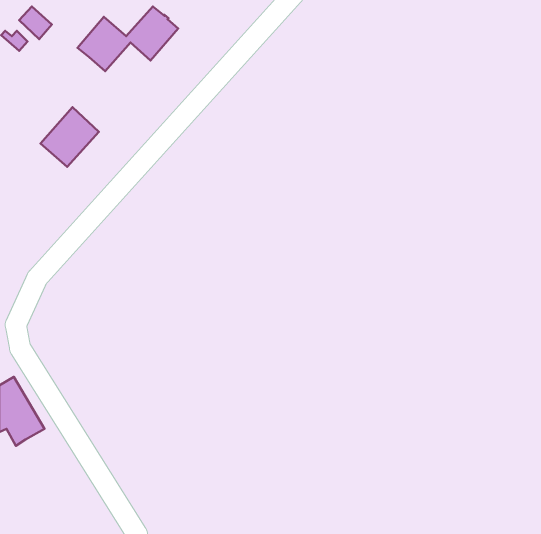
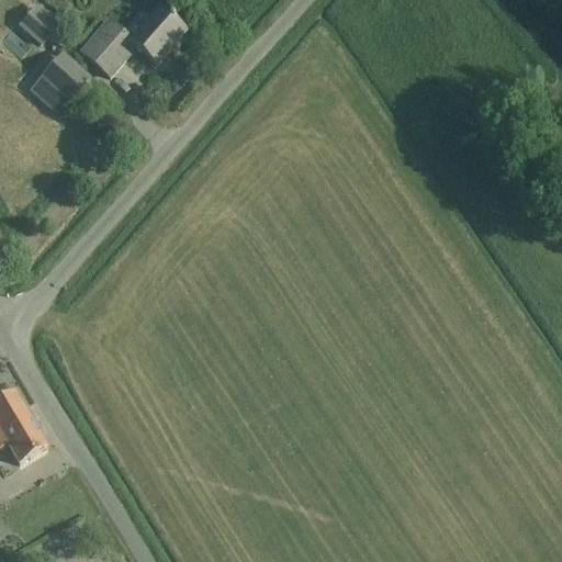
building: [41,107,99,167] -> [30,49,90,111]

